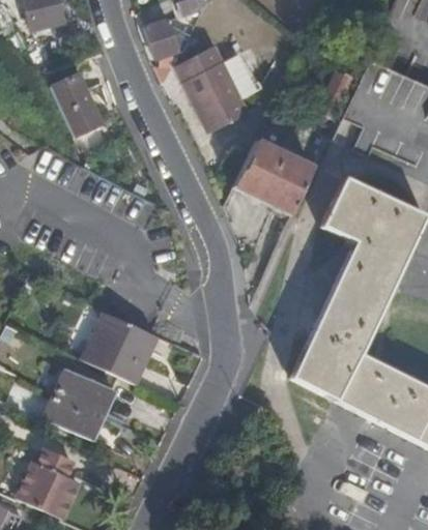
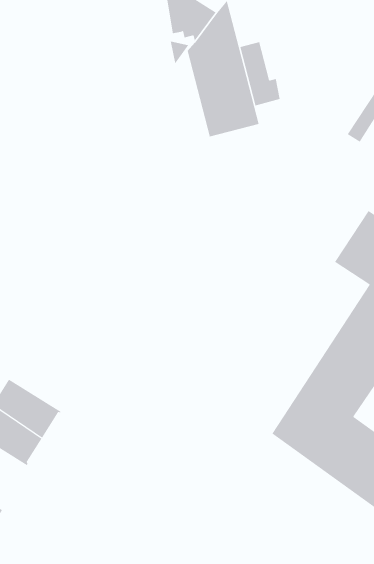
building: [52,72,101,135] -> none
building: [233,142,314,216] -> none
building: [83,310,156,380] -> none

